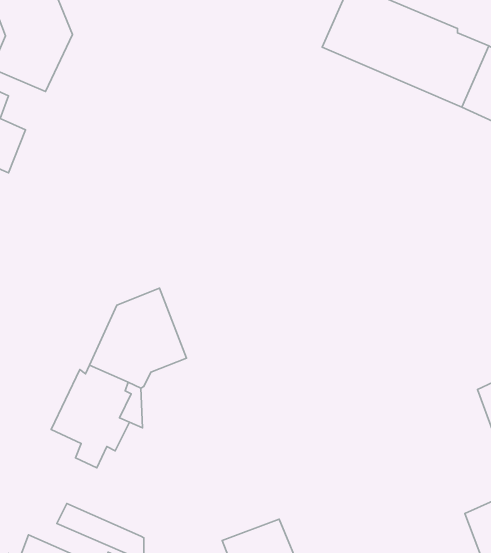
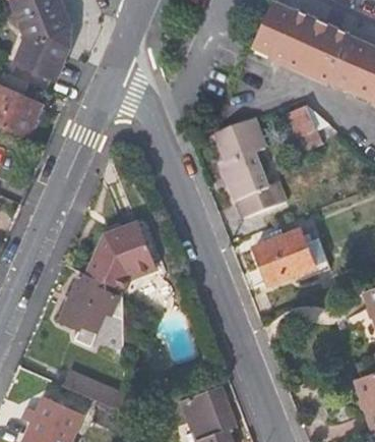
building: none -> [285,106,335,148]
building: none -> [212,119,272,220]
building: none -> [253,230,324,284]

